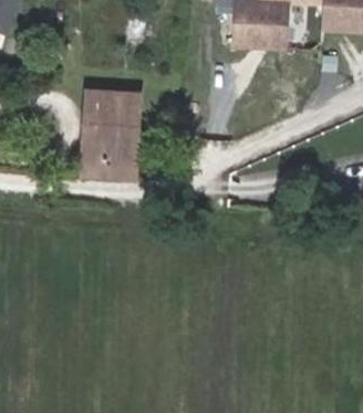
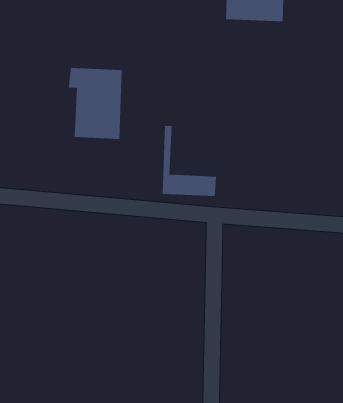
building: [83,109,135,177] -> [162,125,217,196]

